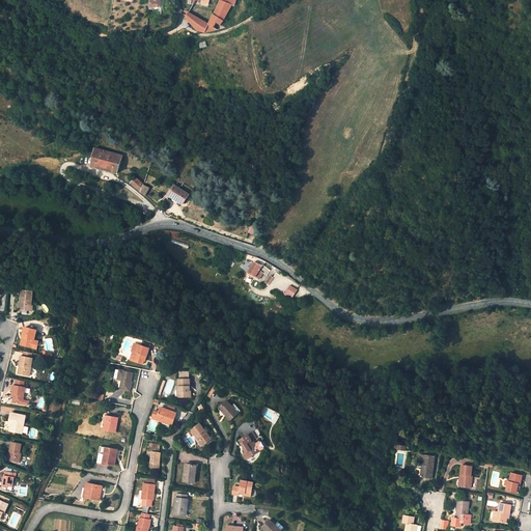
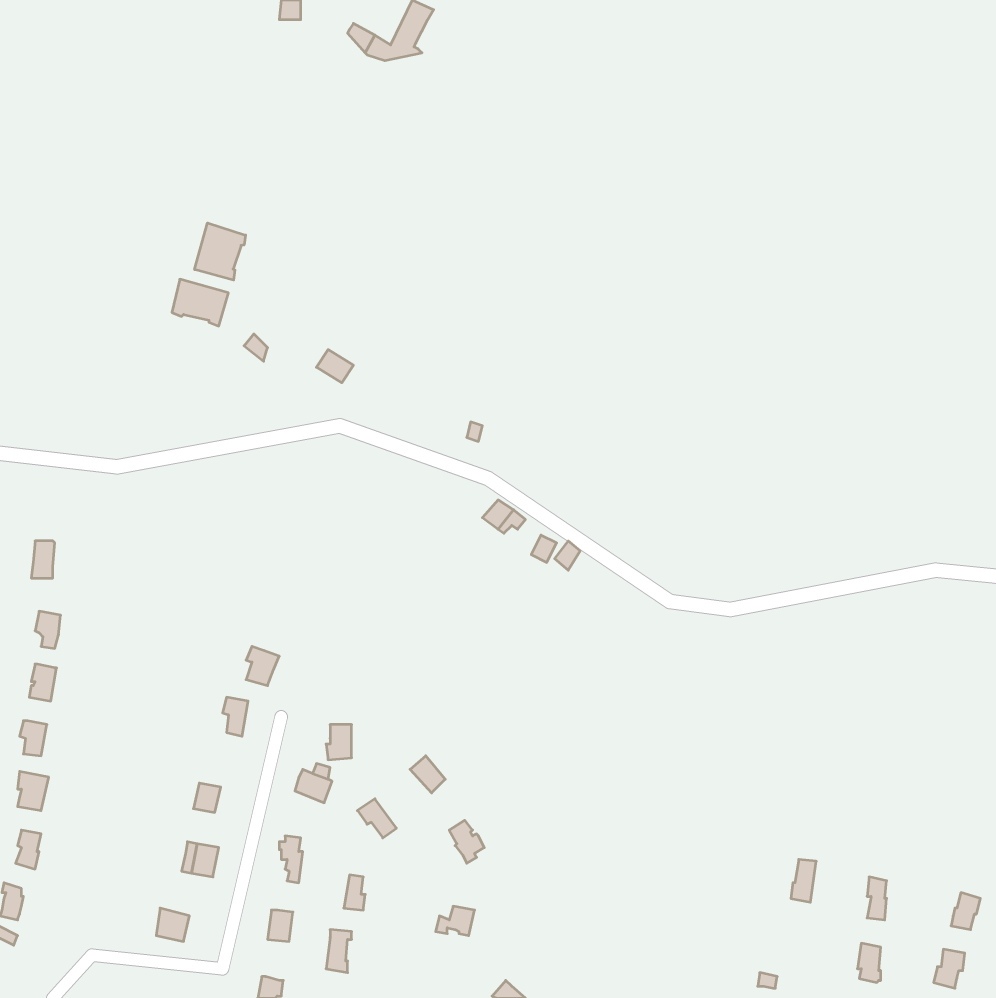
building: none -> [195,223,246,280]

